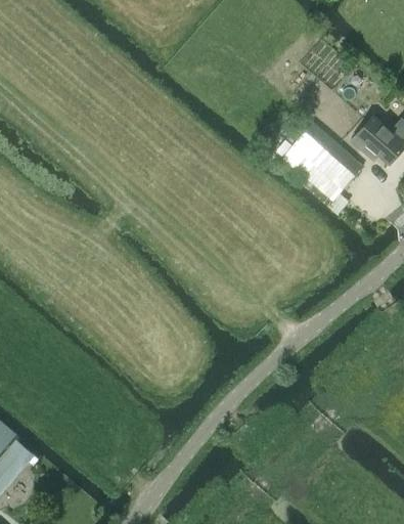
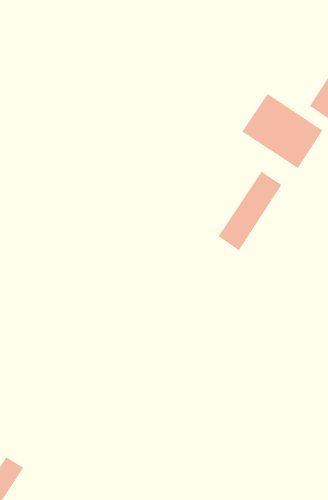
building: none -> [218,171,282,251]

